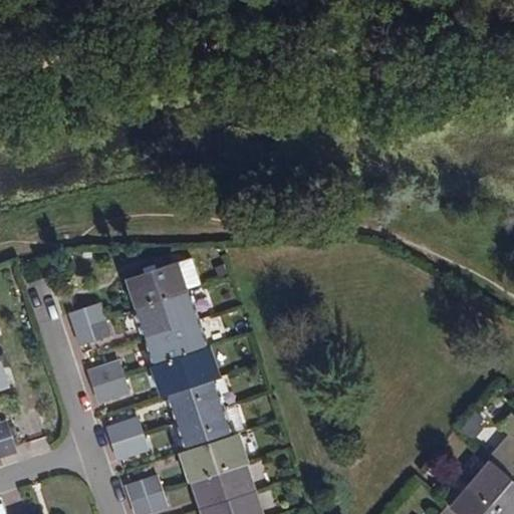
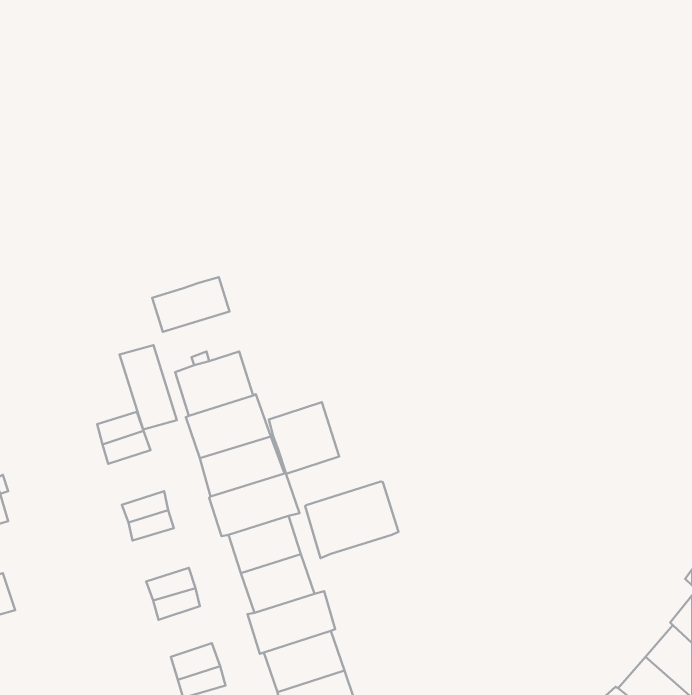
building: none -> [152,277,230,332]
building: none -> [120,345,177,430]
building: none -> [269,402,339,474]
building: none -> [305,482,398,558]

